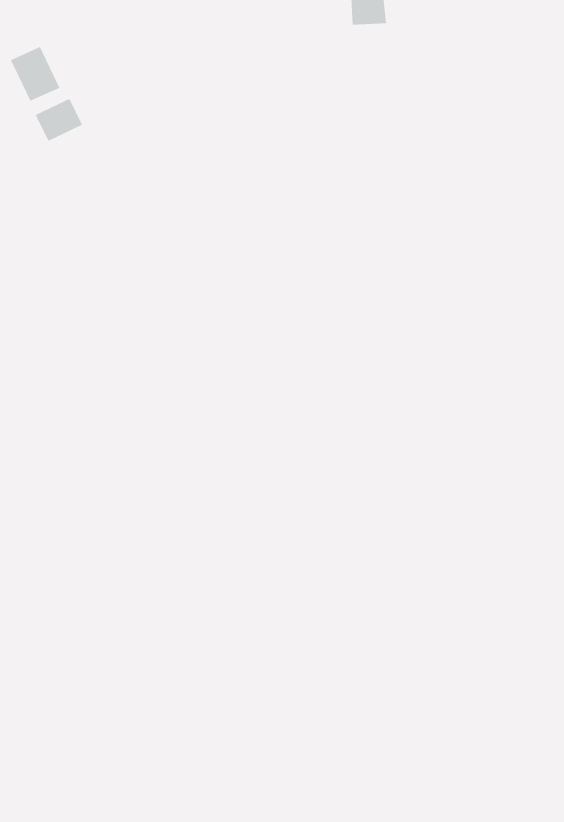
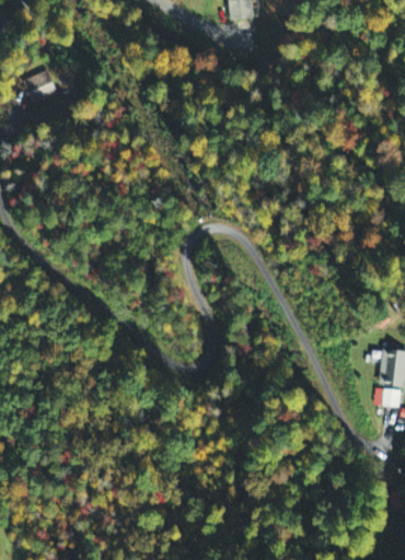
building: [10,46,60,102] -> none

